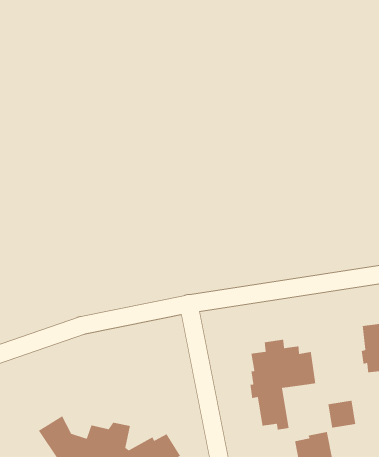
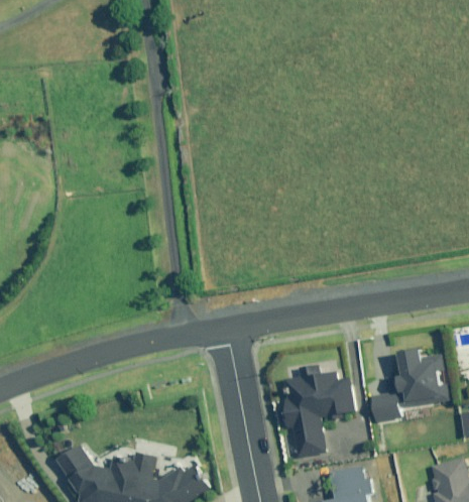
building: [328,400,356,428] -> [371,392,401,422]

